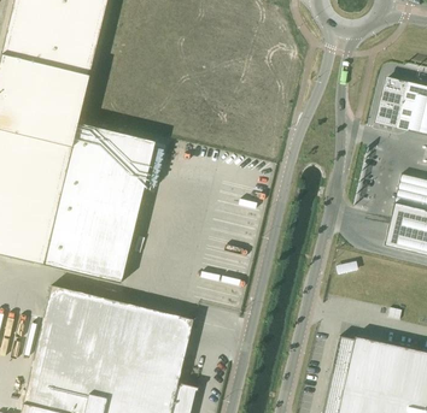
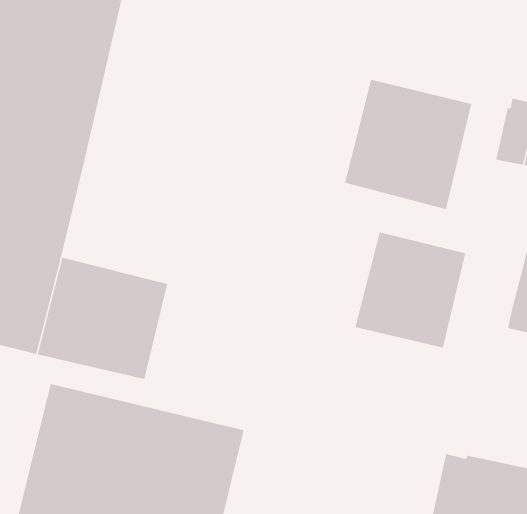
building: none -> [344,79,472,210]
building: [60,124,154,213] -> none
building: none -> [354,231,466,348]

